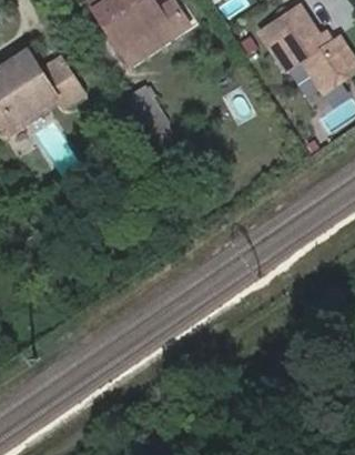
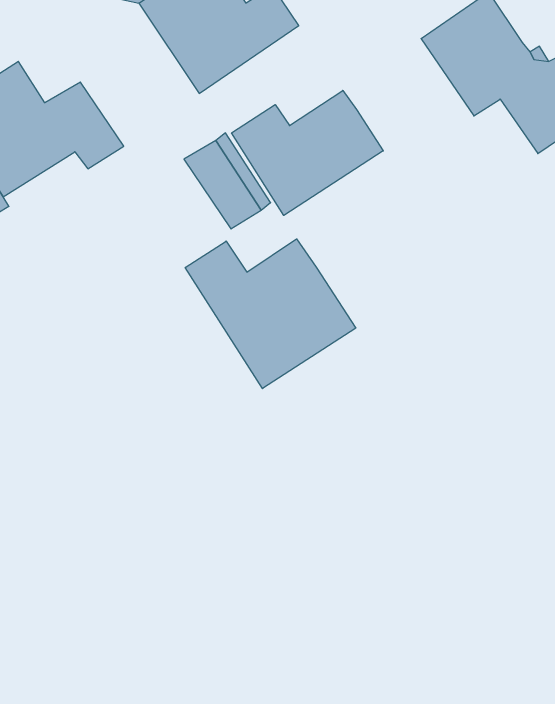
building: none -> [232,90,383,215]
building: none -> [185,239,356,389]

